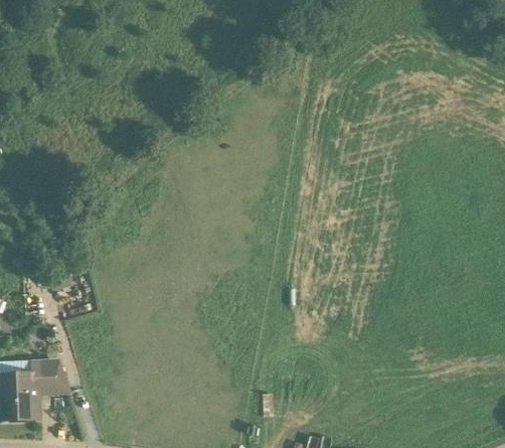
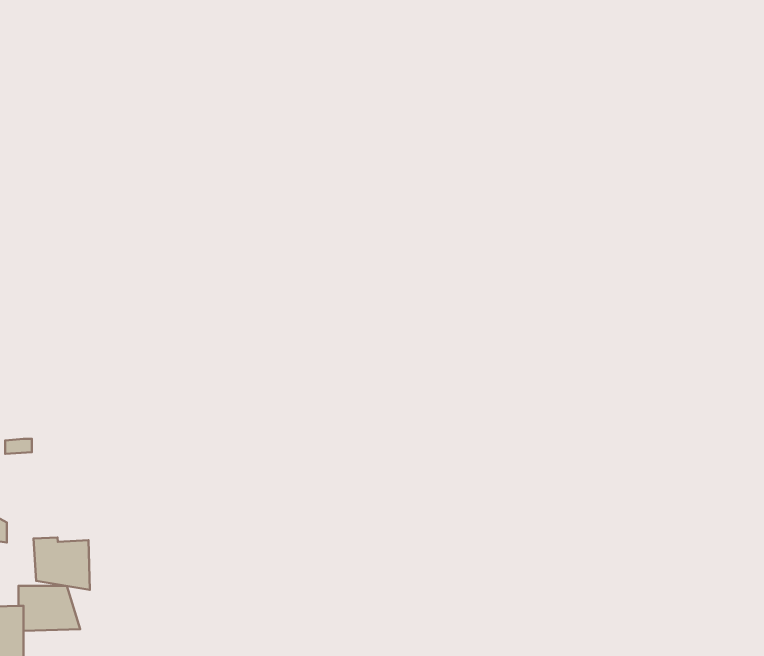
building: none -> [33,537,90,590]

